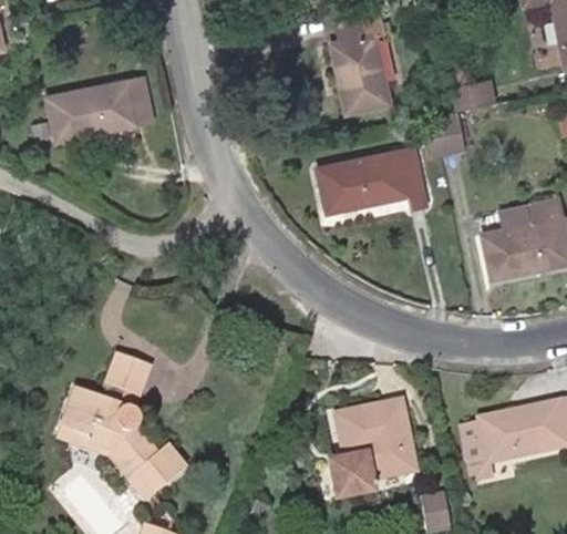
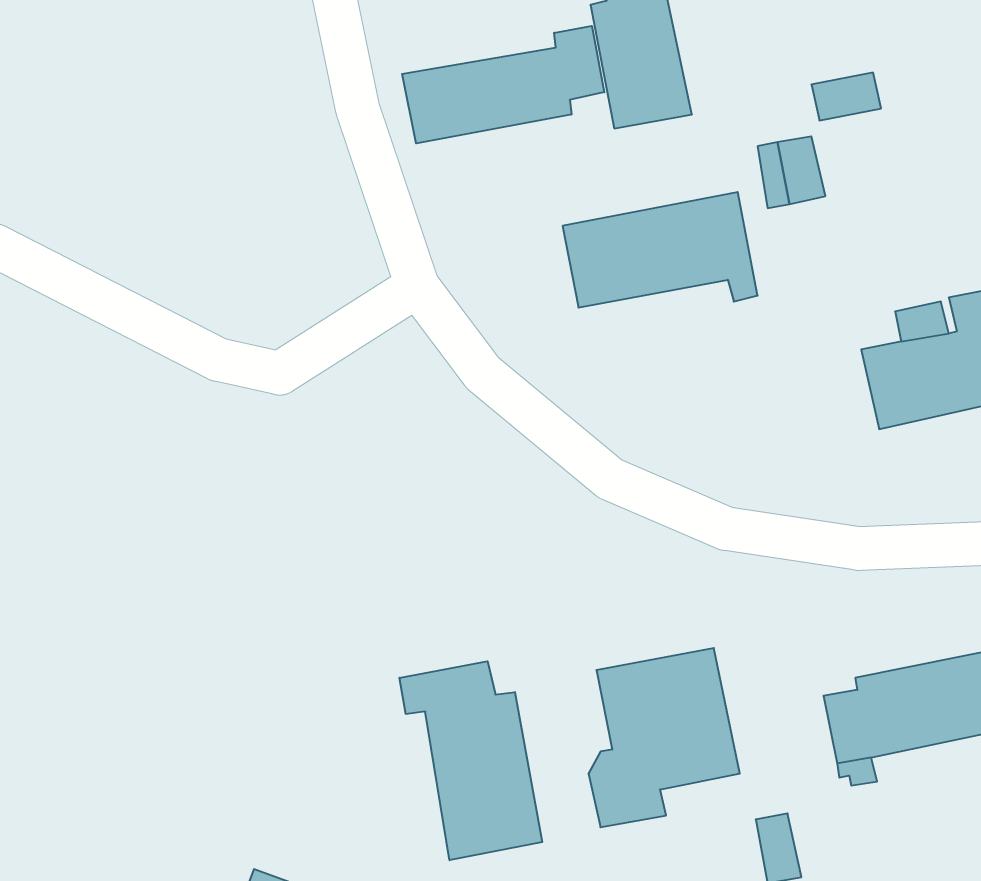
building: none -> [402,26,604,143]
building: [49,76,152,138] -> none
building: [58,352,185,501] -> none
building: none -> [399,661,542,860]

